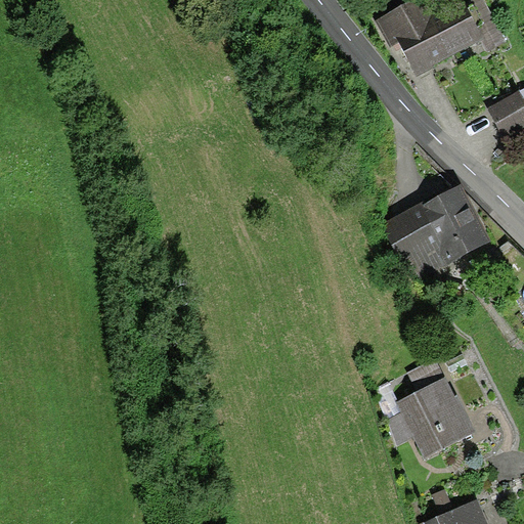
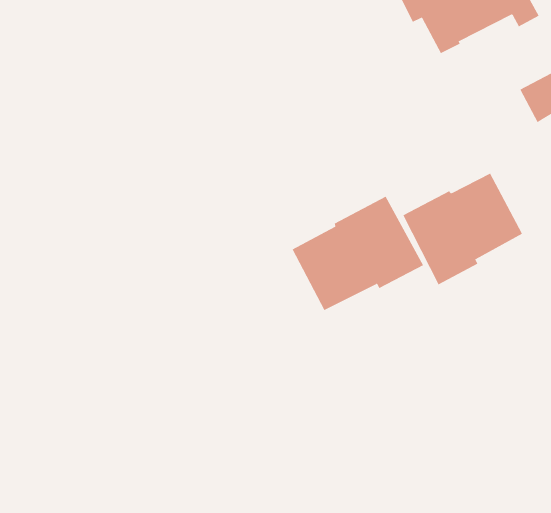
building: none -> [292,196,424,311]
building: [387,376,476,457] -> none

